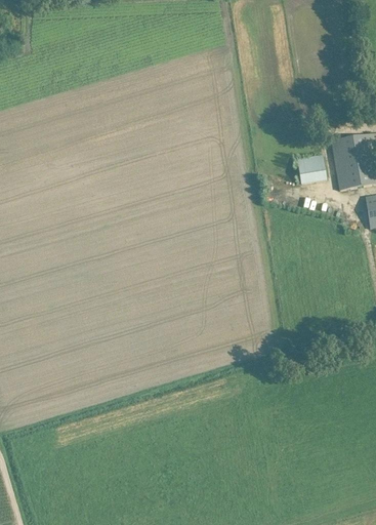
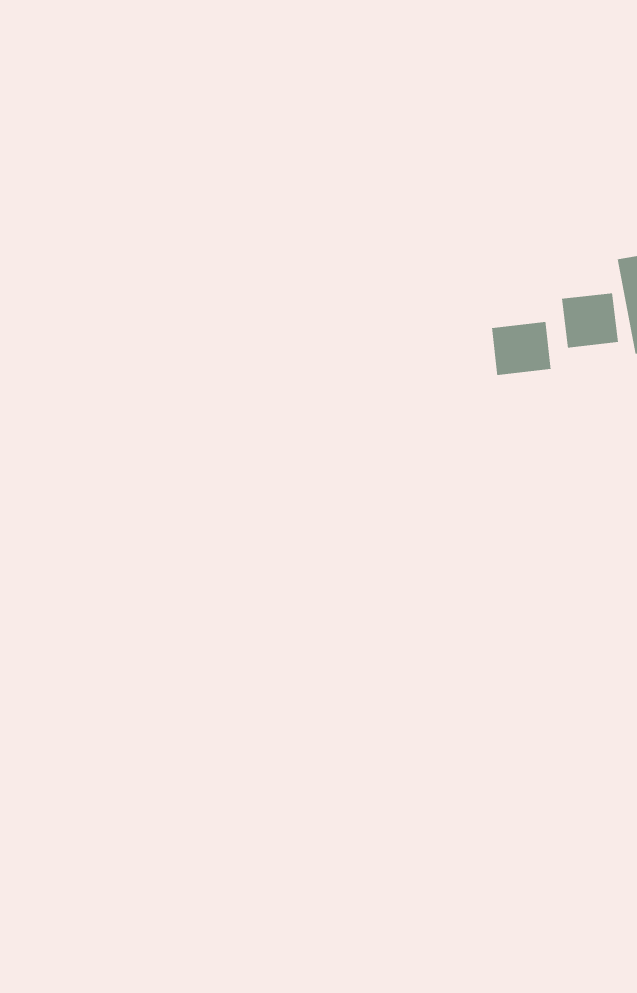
building: none -> [491,321,551,376]

